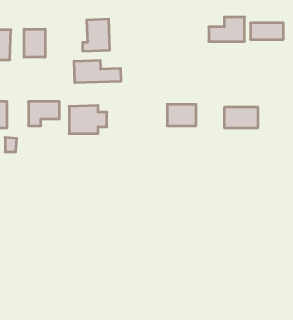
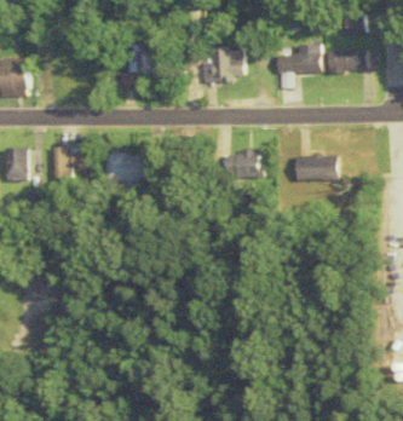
building: none -> [200,46,241,80]
building: [24,29,45,57] -> none
building: [74,60,121,83] -> none

